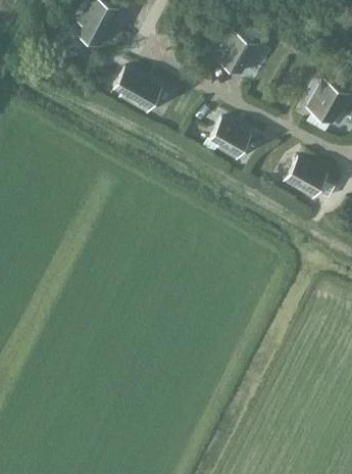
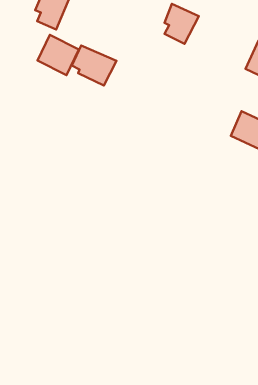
building: none -> [38,35,79,75]
building: [210,116,253,160] -> none

